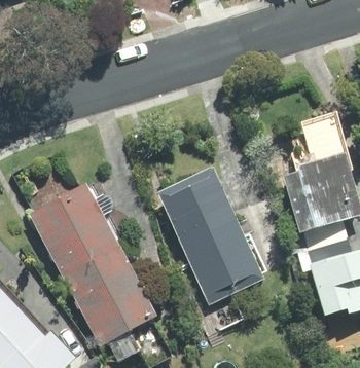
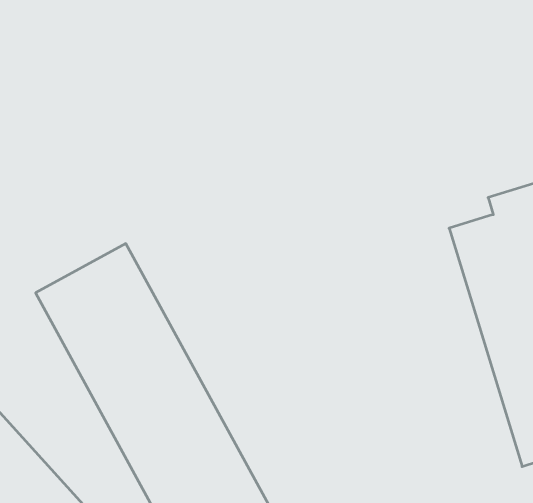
building: [155,167,263,305] -> none

